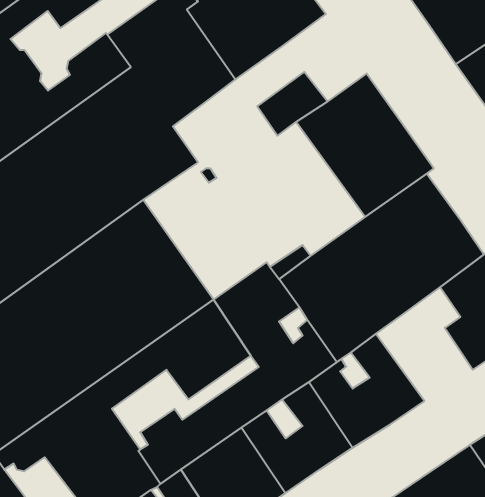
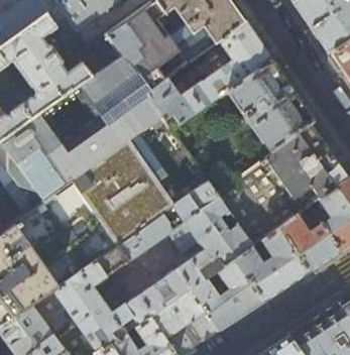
building: none -> [218,21,271,78]
building: none -> [146,79,214,124]
building: none -> [277,215,340,271]

